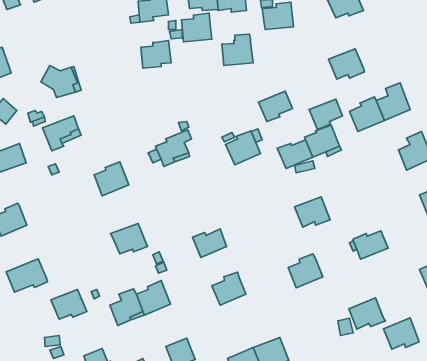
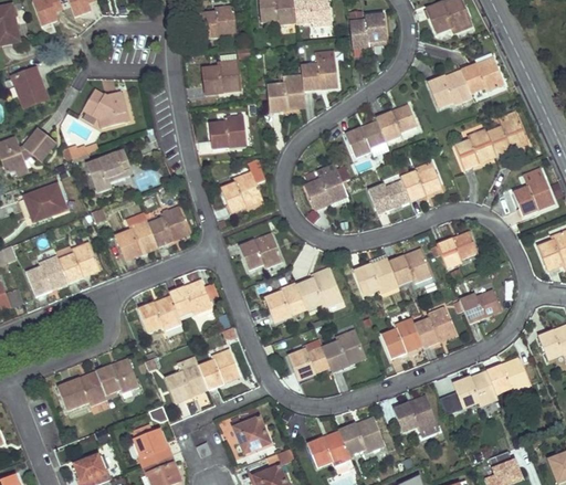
building: [182,13,212,42] -> [269,76,305,110]
building: none -> [461,53,504,93]
building: none -> [209,115,247,148]
building: [309,99,342,130] -> [376,105,416,141]
building: none -> [115,212,157,259]
building: none -> [436,230,476,266]
building: none -> [239,232,282,268]
building: none -> [56,242,99,282]
building: none -> [355,254,398,293]
building: none -> [296,271,339,307]
building: none -> [138,296,181,333]
building: none -> [413,306,454,346]
building: [6,259,48,292] -> [56,371,106,411]
building: none -> [322,329,364,370]
building: [383,318,419,349] -> [485,356,528,393]
building: none -> [392,394,434,431]

